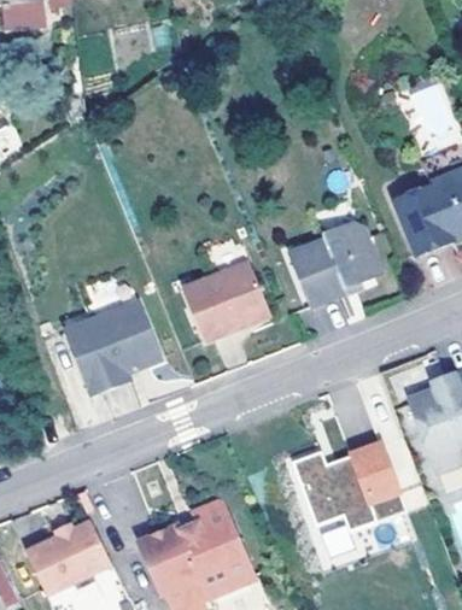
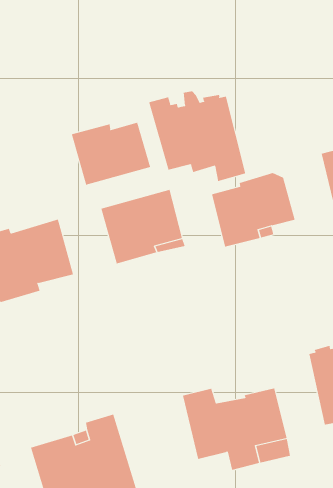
building: none -> [149,90,246,182]
building: none -> [71,122,151,186]

